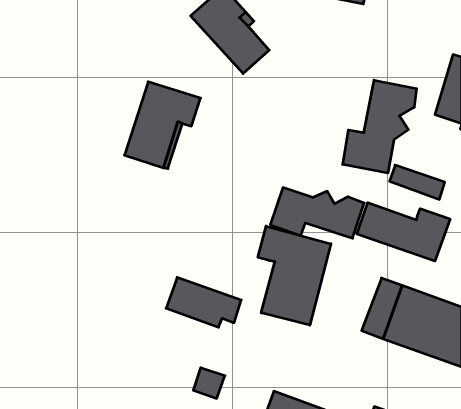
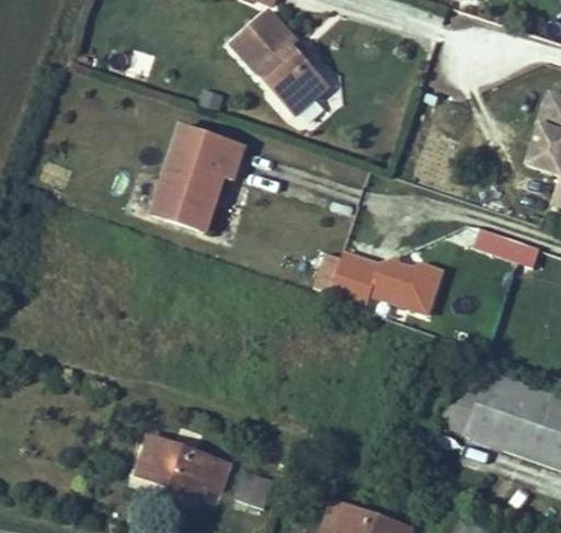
building: [343,80,417,173] -> none
building: [357,203,450,261] -> none
building: [258,226,331,325] -> none
building: [166,277,241,327] -> [138,435,229,496]

